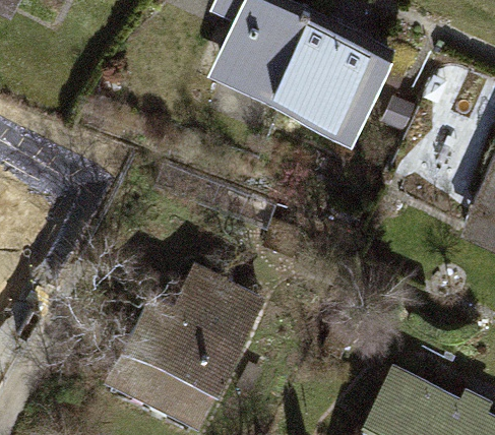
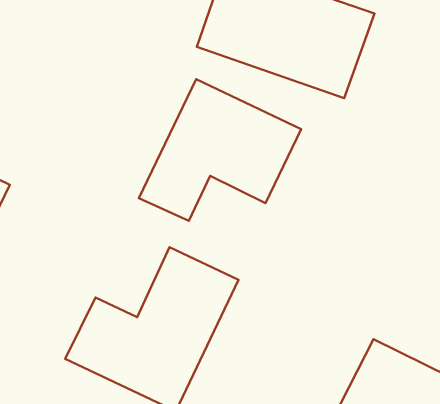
building: none -> [139,79,301,221]

